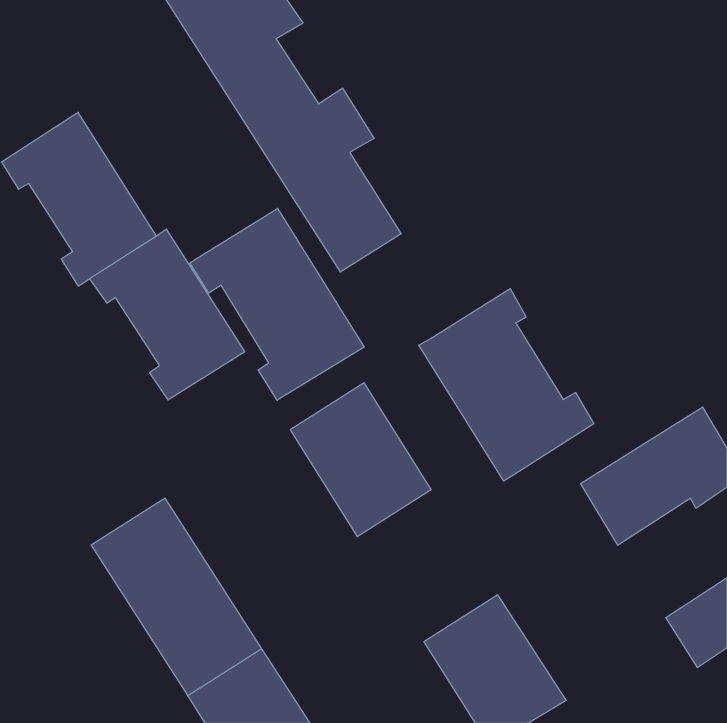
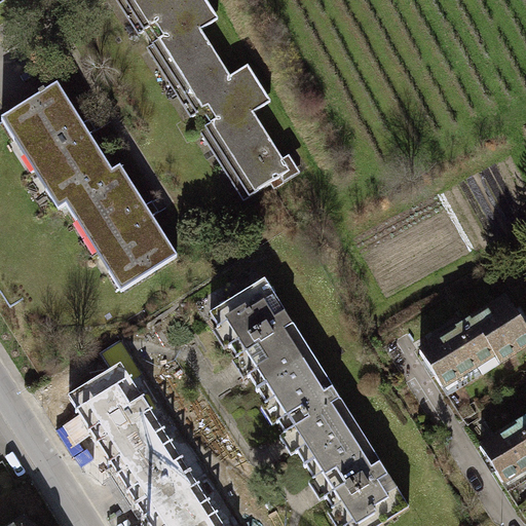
building: [190,208,364,400] -> none
building: [419,289,594,481] -> none
building: none -> [258,353,360,463]

